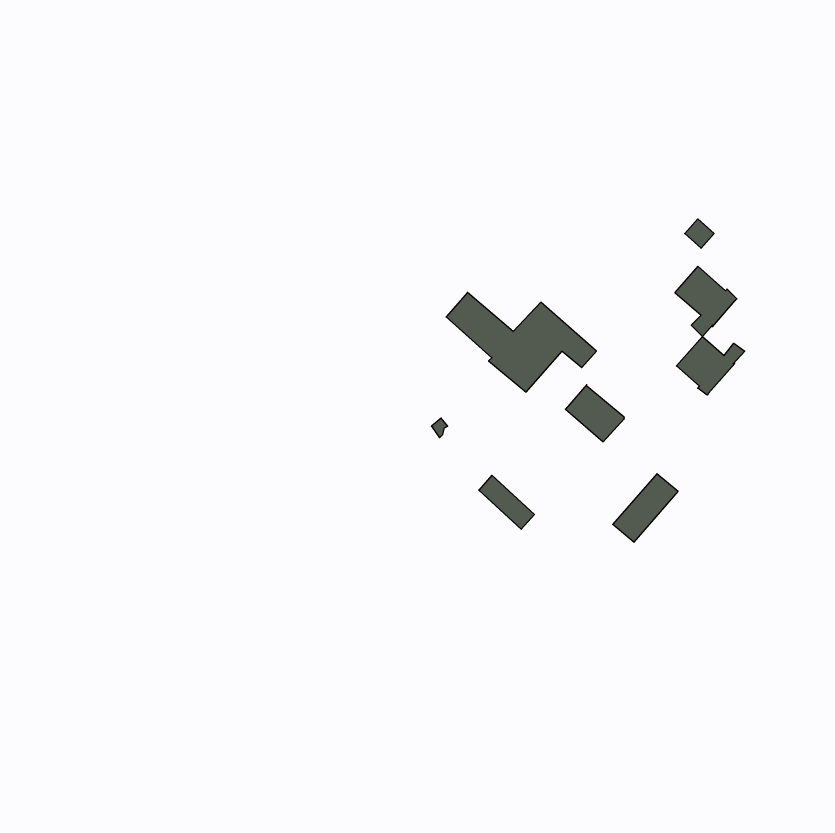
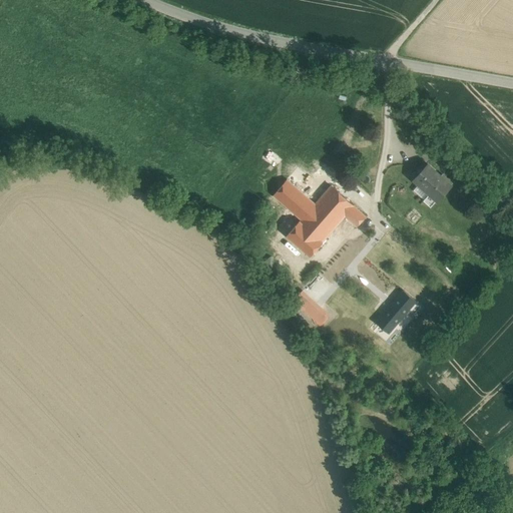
building: [676,336,745,395] -> none
building: [565,385,624,442] -> [287,221,323,256]

